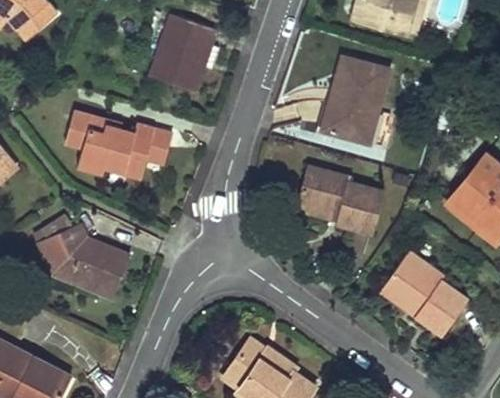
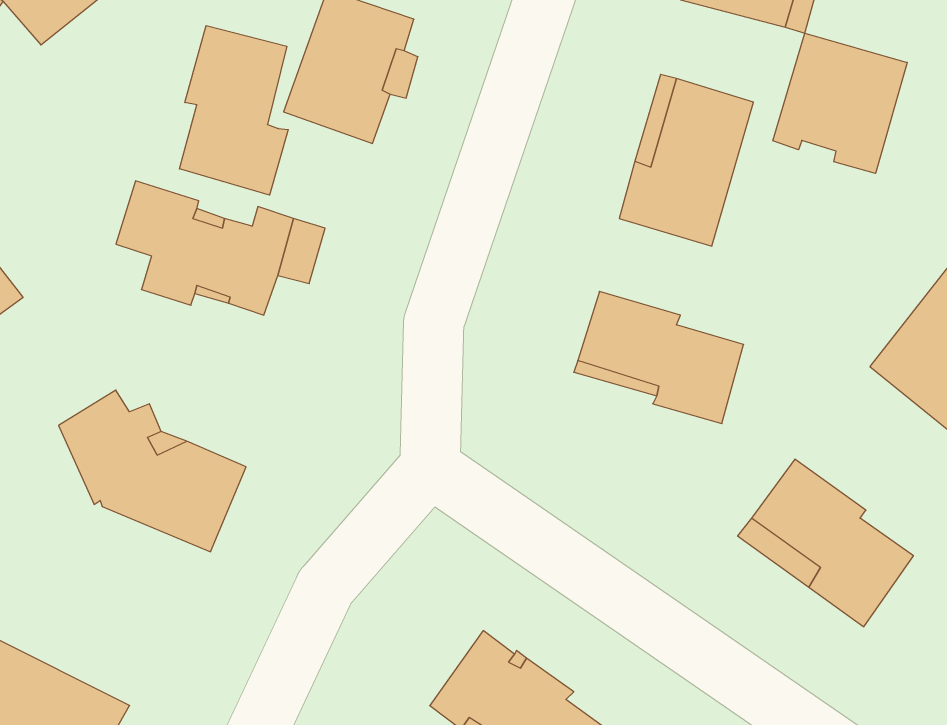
building: none -> [179,26,288,195]
building: none -> [773,33,907,173]

